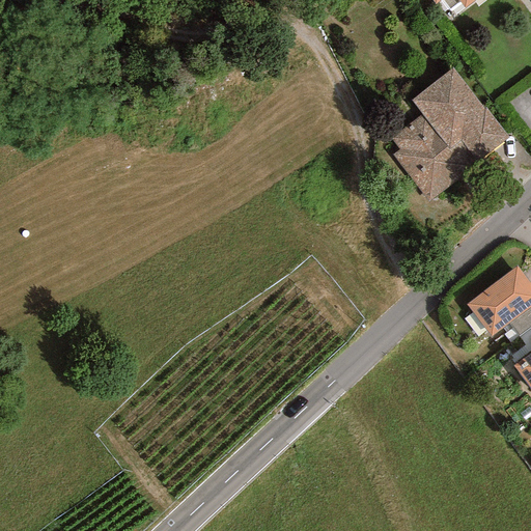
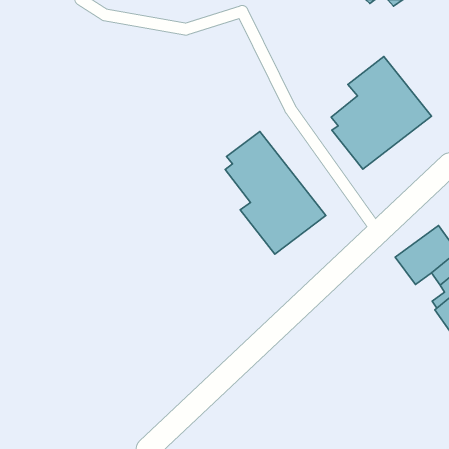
building: none -> [225,132,326,254]

